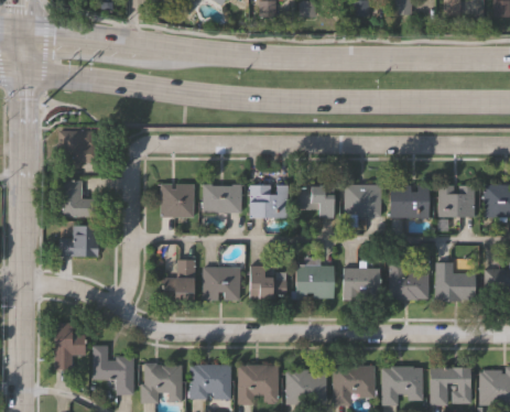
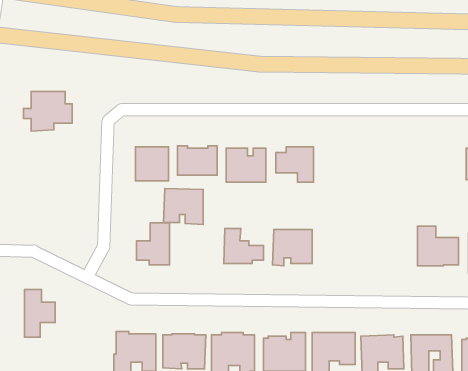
building: [59,180,100,216] -> none
building: [346,183,382,221] -> none
building: [391,183,430,216] -> none
building: [438,183,476,215] -> none
building: [59,225,98,253] -> none
building: [389,259,430,299] -> none
building: [202,267,240,302] -> [164,188,203,225]
building: [344,267,381,299] -> none
building: [90,345,132,395] -> none

